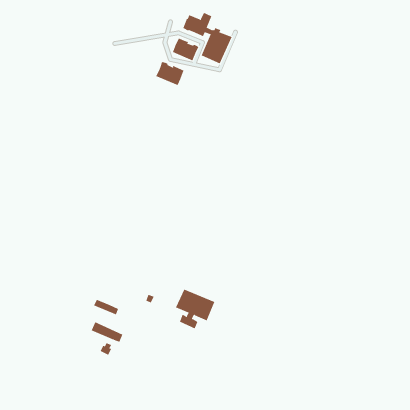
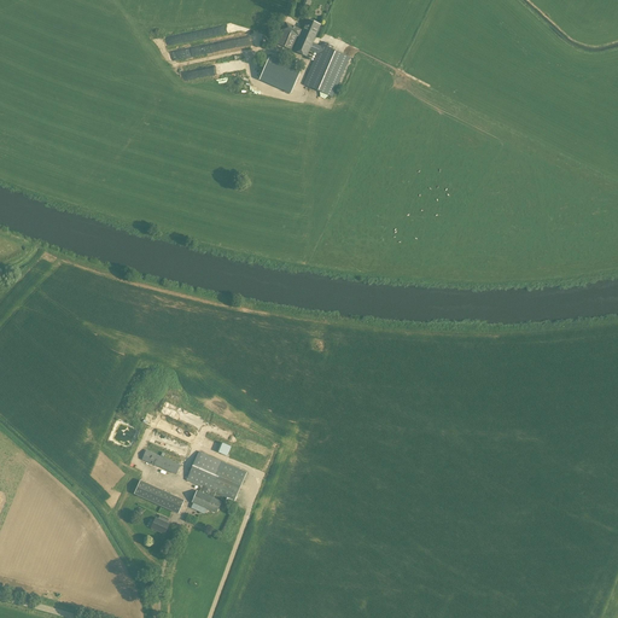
building: [156,61,184,86] -> none
building: [175,289,215,329] -> [185,451,245,512]

